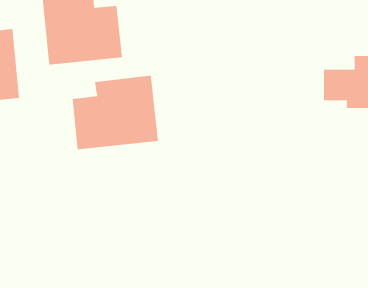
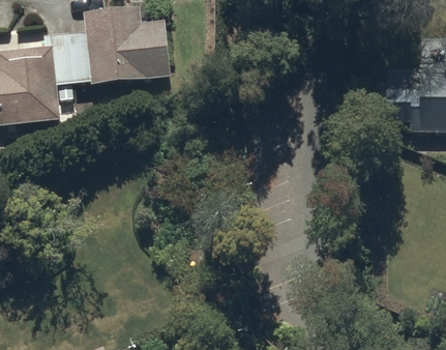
building: [72,75,159,150] -> none

